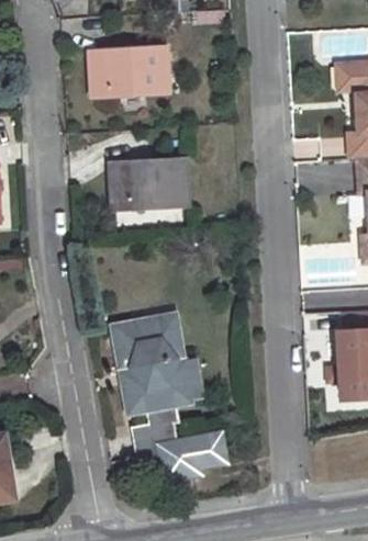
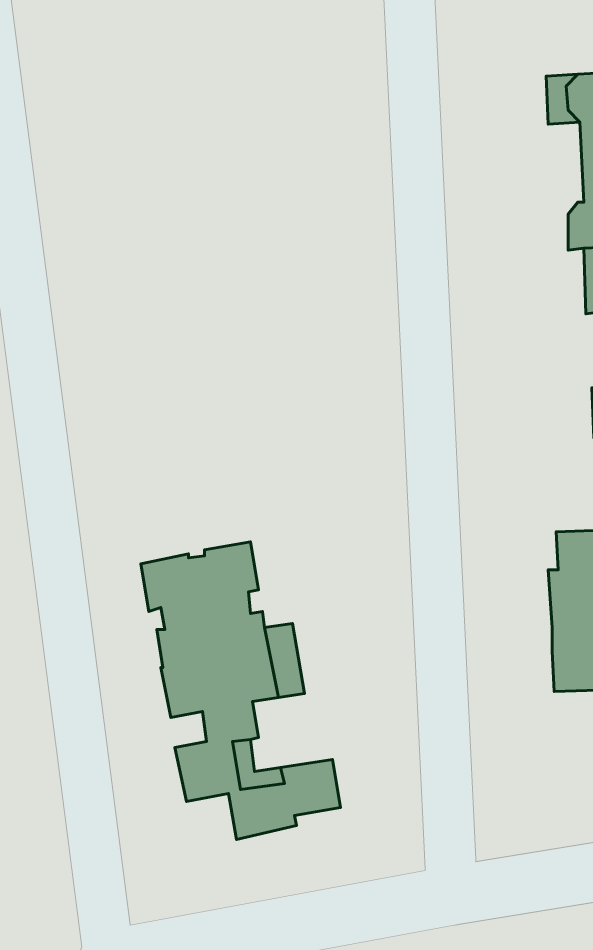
building: [89,47,167,98] -> none
building: [109,160,188,210] -> none

